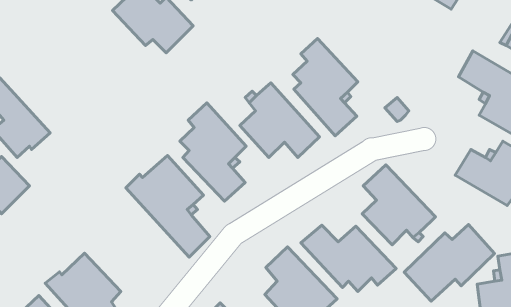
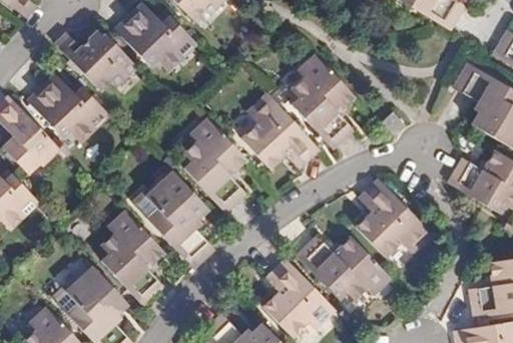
building: none -> [51,31,133,87]
building: none -> [25,73,106,140]
building: none -> [99,208,161,303]
building: [404,225,495,301] -> none

